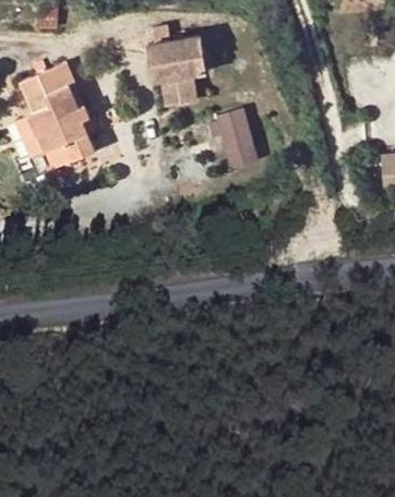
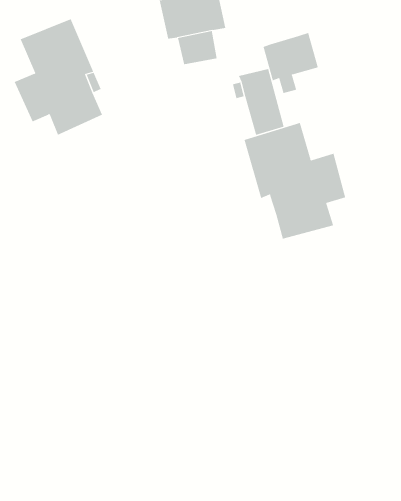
building: none -> [263,32,319,94]
building: none -> [244,122,346,239]

